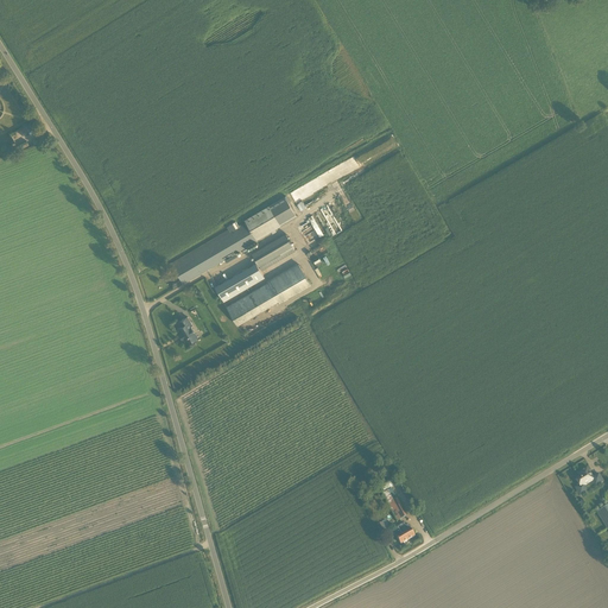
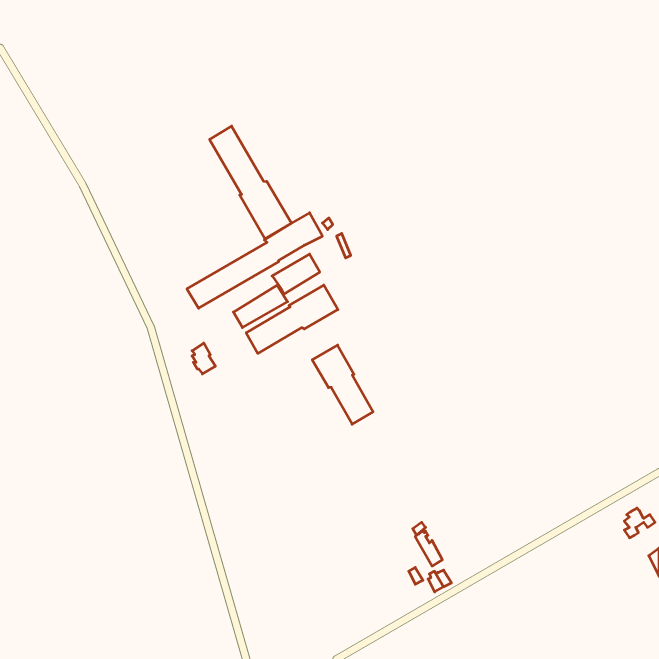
building: none -> [210,126,291,239]
building: none -> [312,345,373,424]

